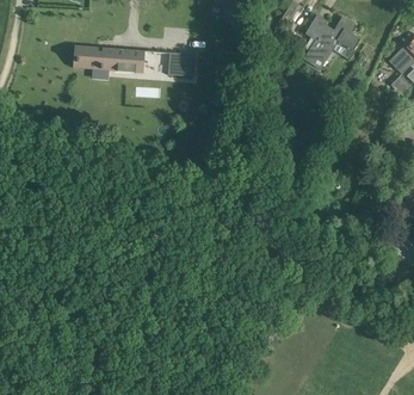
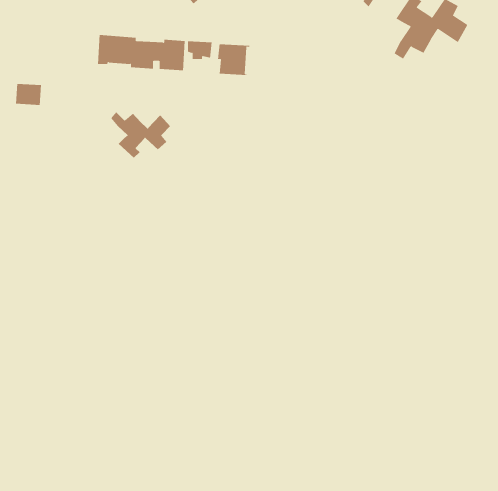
building: none -> [110,112,171,159]

